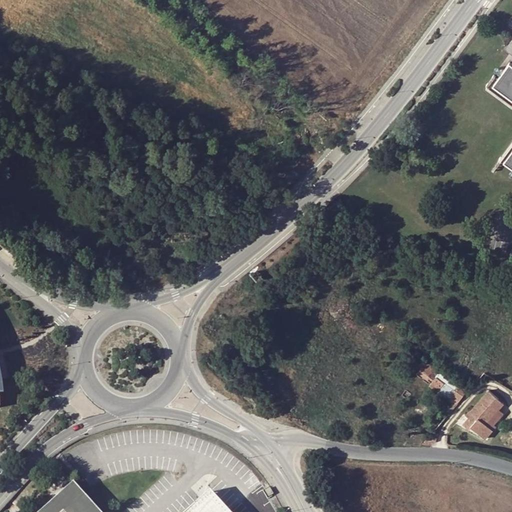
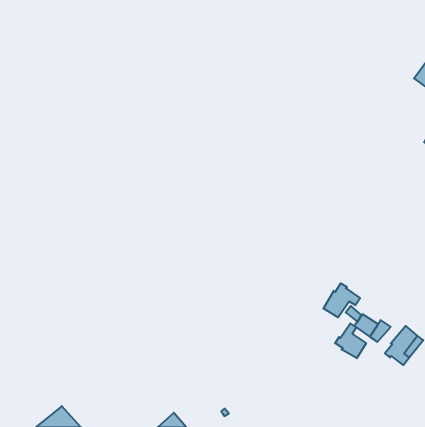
building: none -> [323,283,360,317]
building: none -> [335,323,366,358]

